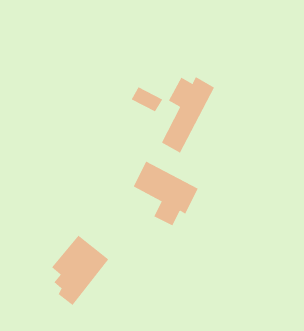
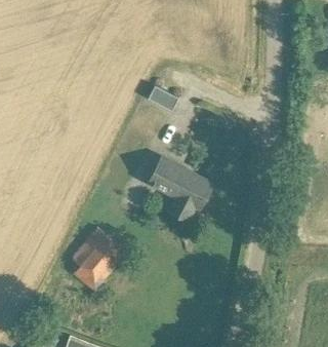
building: [161,76,215,154] -> none

